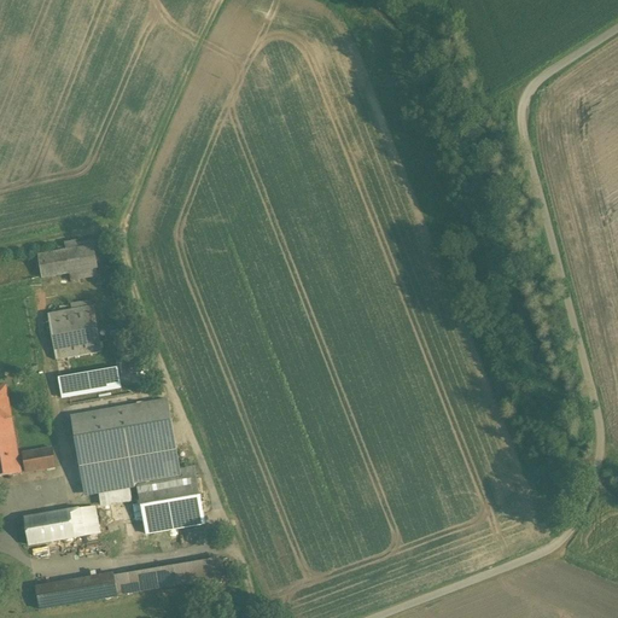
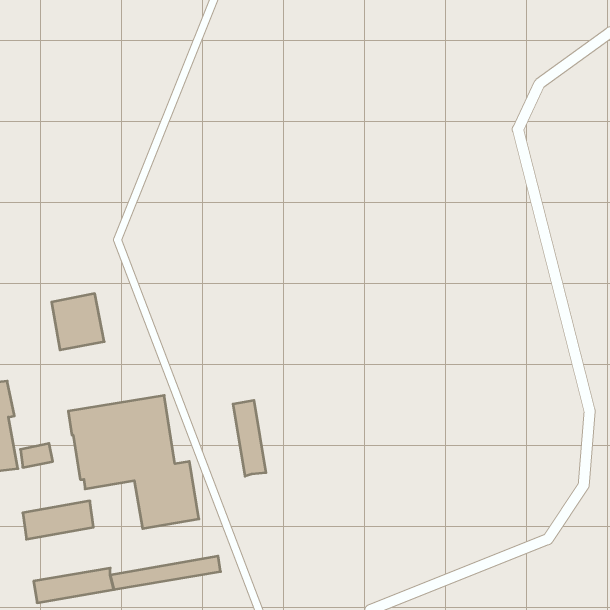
building: [39,238,86,272] -> none
building: [57,367,117,396] -> none
building: none -> [233,400,266,476]

